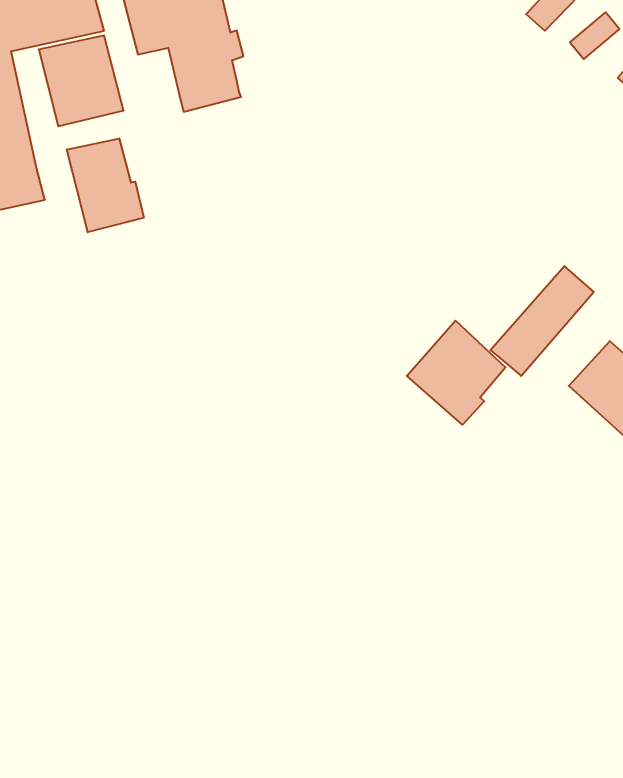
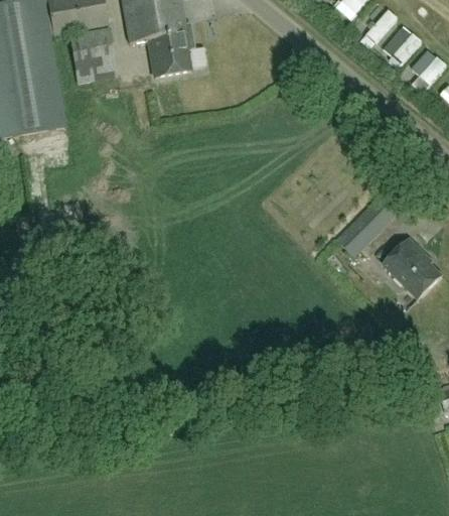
building: [67,138,144,232] -> none
building: [407,321,506,425] -> none

